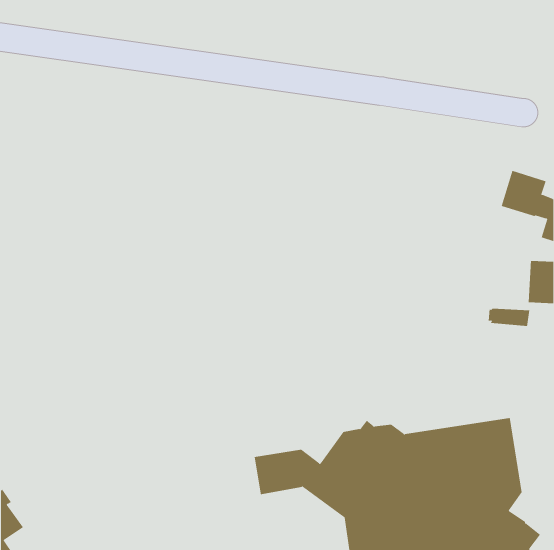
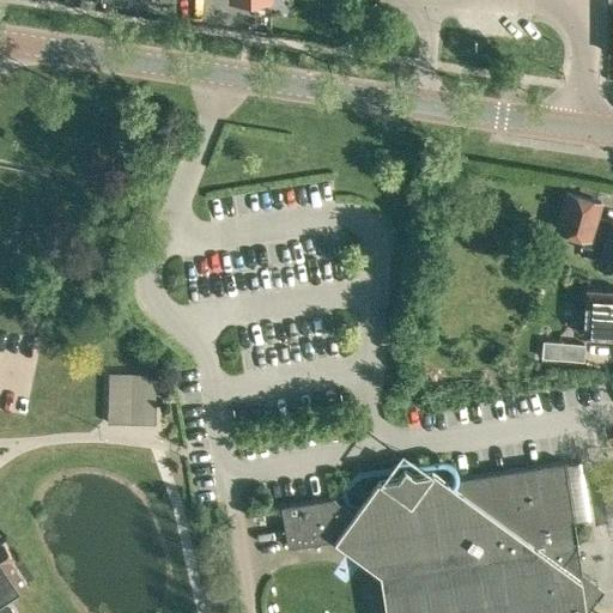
building: none -> [119,377,166,429]

